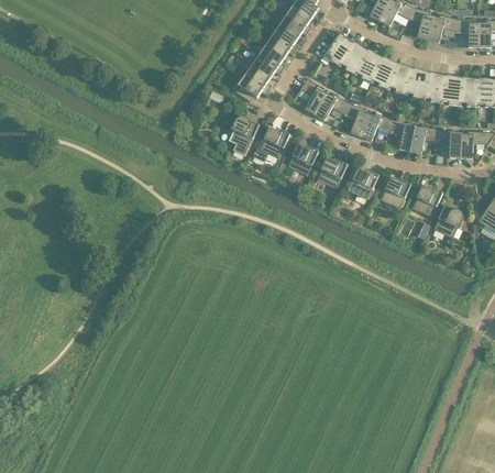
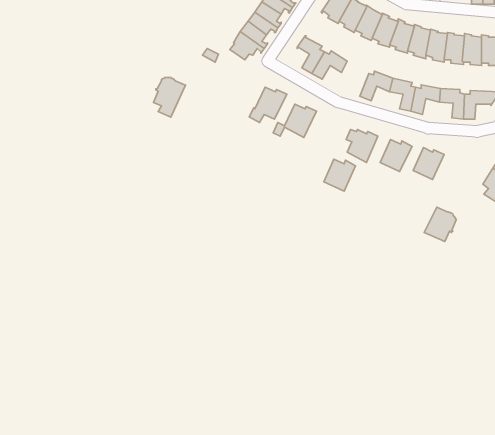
building: [343,101,370,135] -> none
building: [229,116,260,154] -> [154,77,185,117]
building: [317,157,348,188] -> [324,159,356,191]
building: [433,204,464,236] -> [424,207,456,241]

